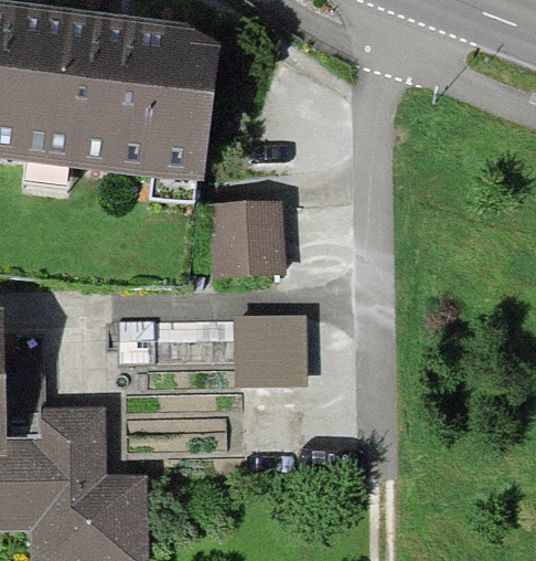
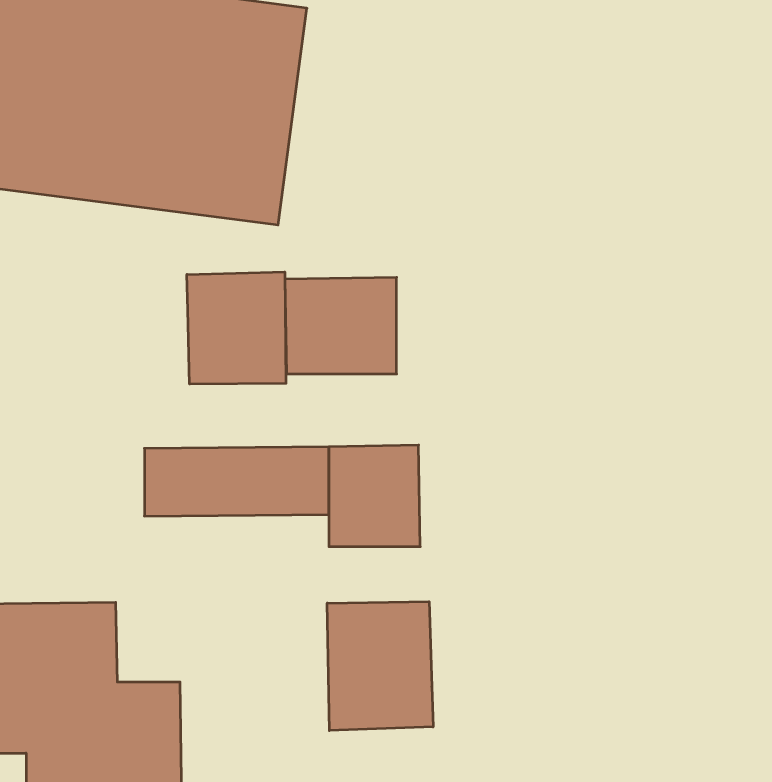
building: none -> [187,272,286,384]
building: none -> [327,602,433,731]

